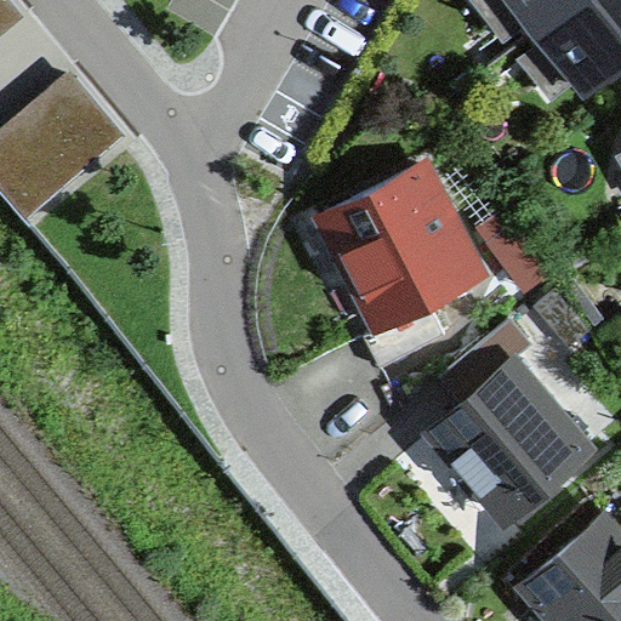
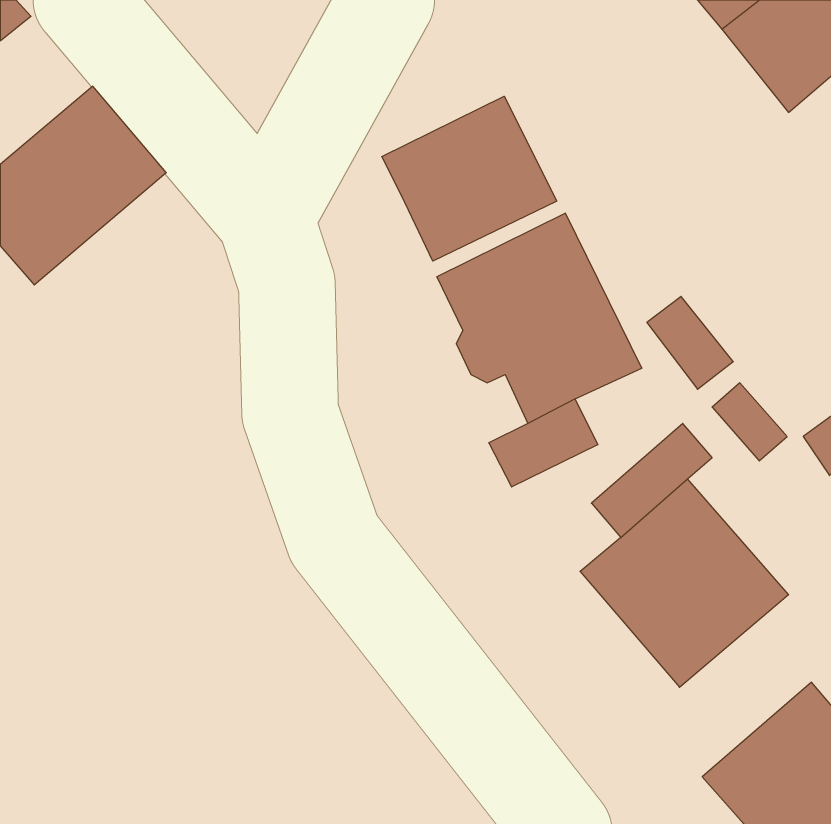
building: none -> [382,96,557,261]

